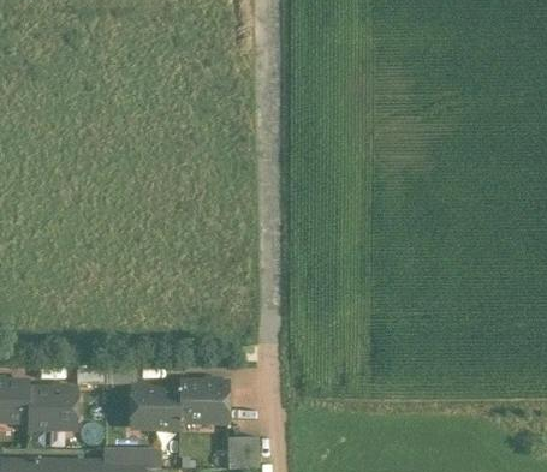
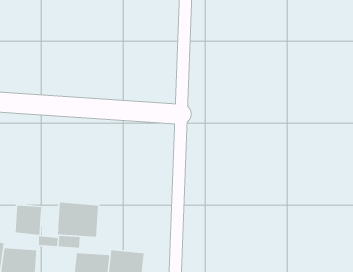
building: none -> [56,202,99,238]
building: none -> [15,205,43,236]

